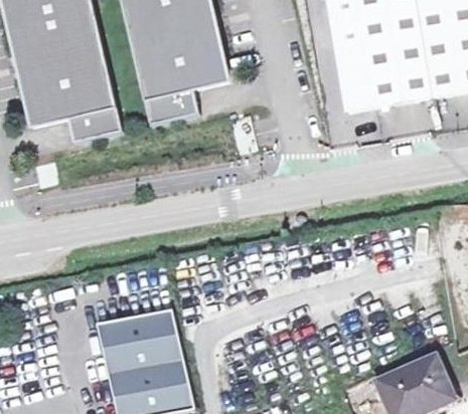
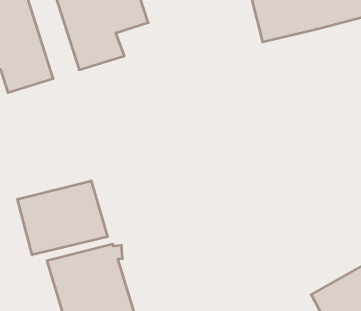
building: none -> [18,181,107,255]

